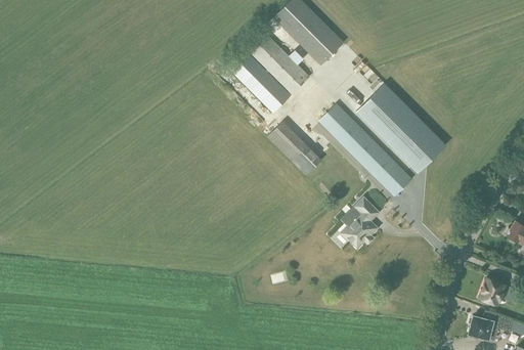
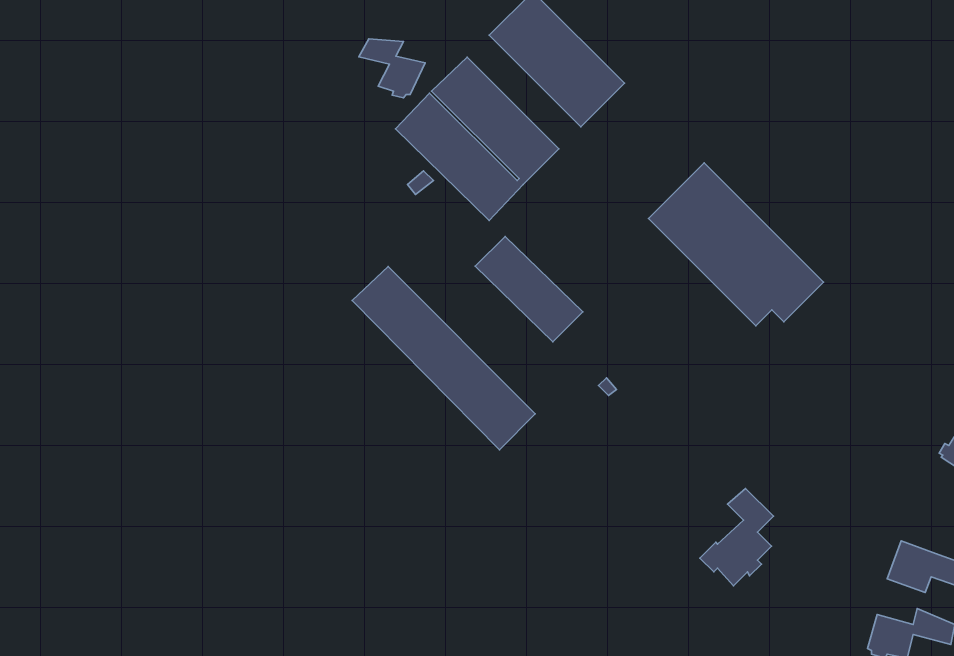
building: none -> [359,39,425,98]
building: [318,103,412,198] -> [352,267,535,450]
building: [341,199,379,249] -> [700,488,773,586]

